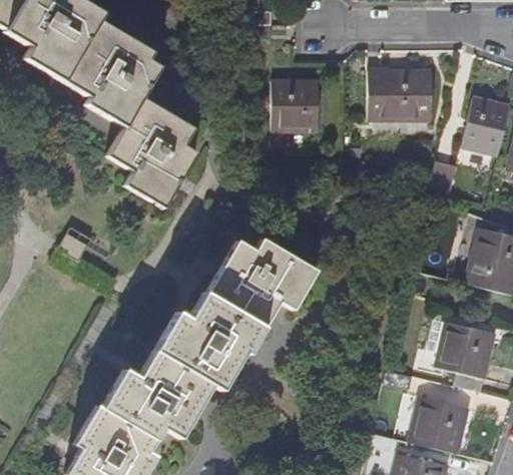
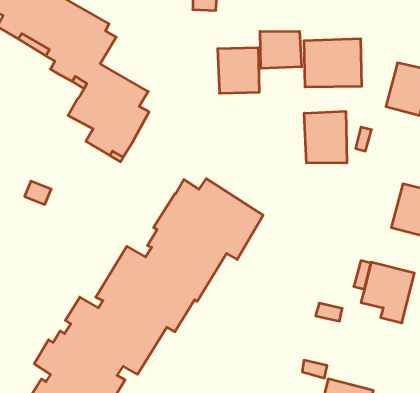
building: none -> [260,31,302,68]
building: none -> [304,111,347,163]
building: [409,395,469,451] -> none

